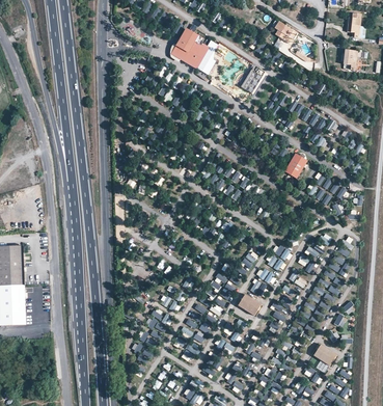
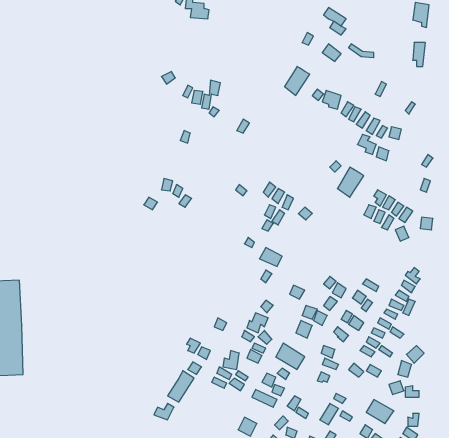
building: [171,28,208,67] -> none

